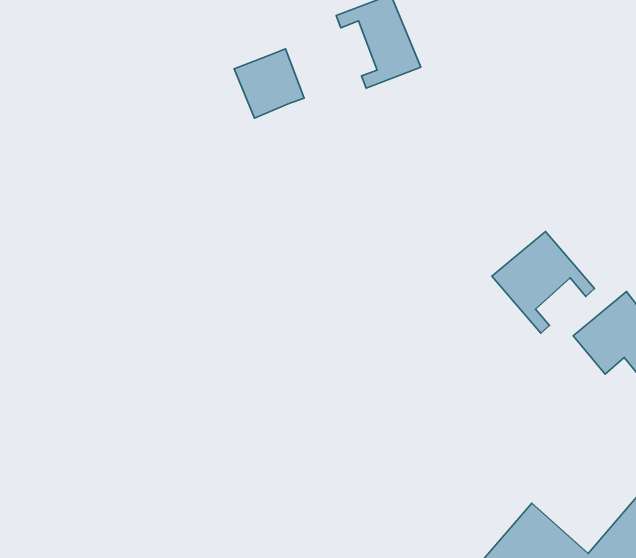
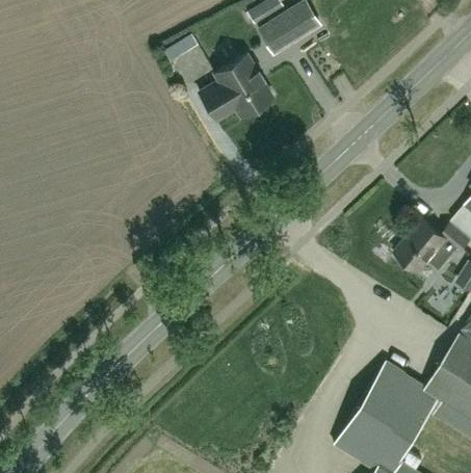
building: [234,49,304,118] -> [200,76,246,123]
building: [492,232,595,333] -> none

